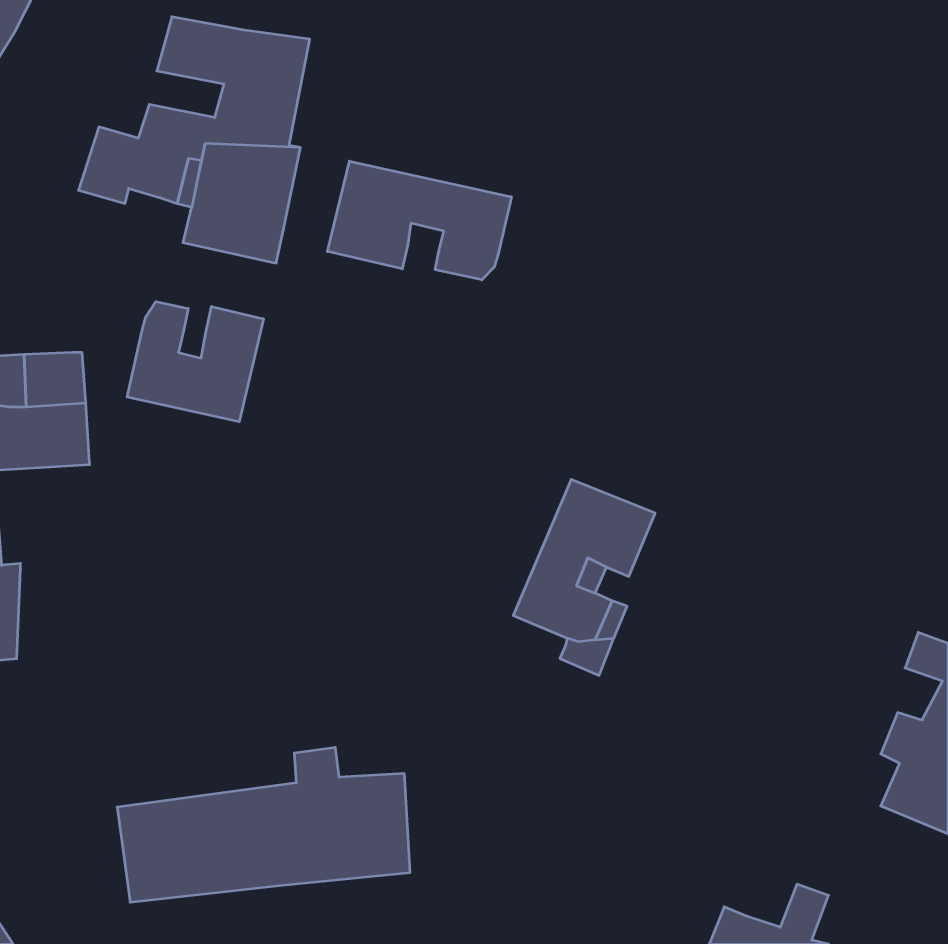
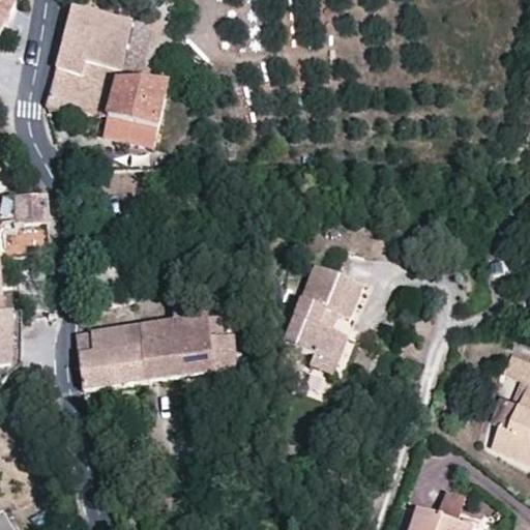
building: none -> [55,5,95,77]
building: [327,161,511,280] -> none
building: [127,302,263,422] -> none
building: [117,747,410,902] -> [73,301,236,387]

